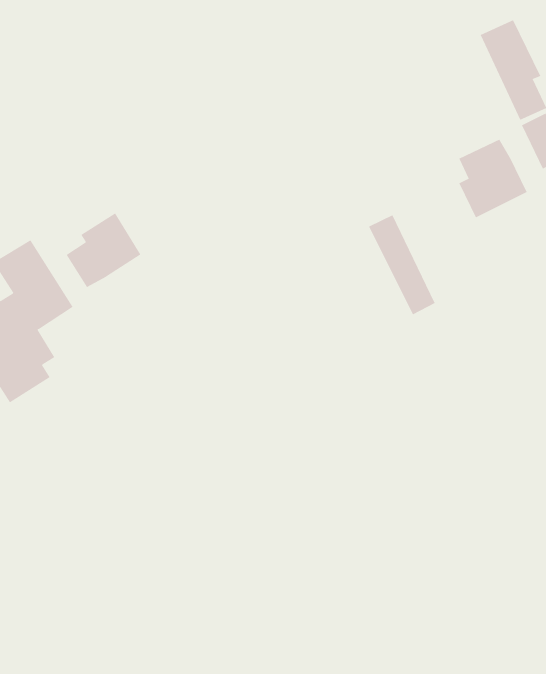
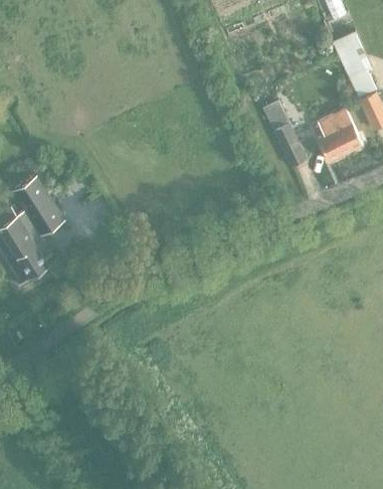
building: [66,212,141,288] -> none
building: [368,214,436,315] -> [263,101,308,167]

